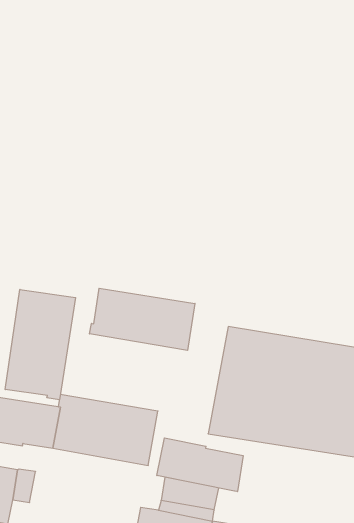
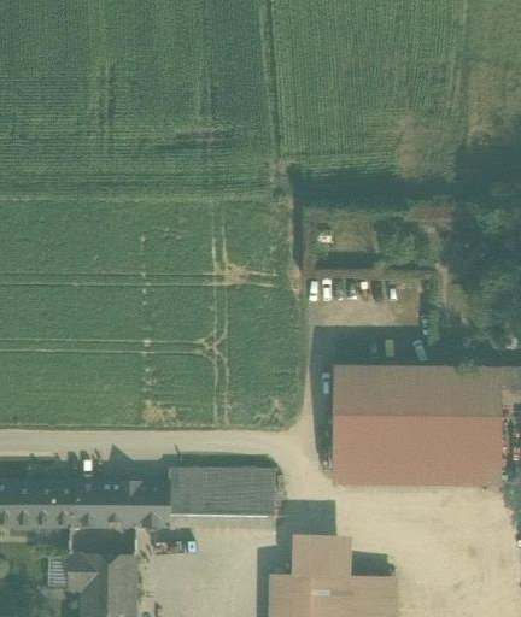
building: [90,288,195,350] -> none
building: [5,289,76,400] -> none
building: [157,438,243,492] -> none

